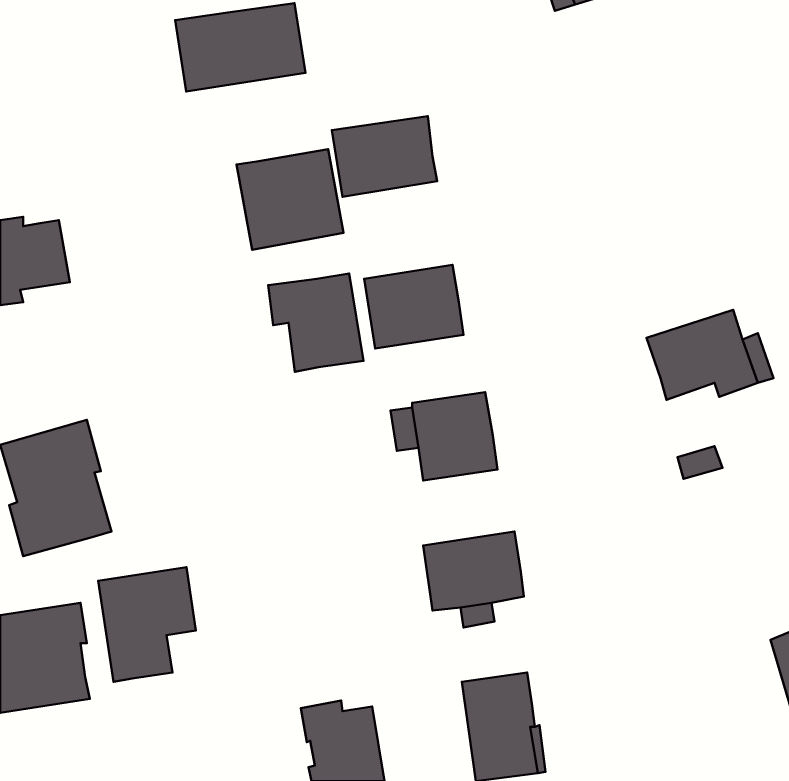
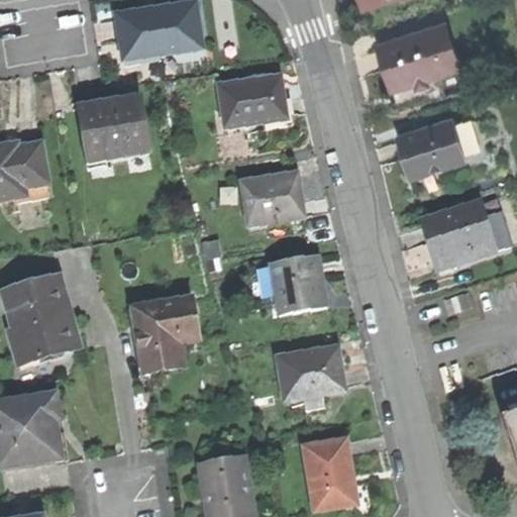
building: none -> [379,25,460,89]
building: [237,149,344,250] -> [79,97,148,163]
building: none -> [400,120,464,177]
building: [268,274,363,372] -> none
building: [98,567,196,682] -> [134,296,198,371]

